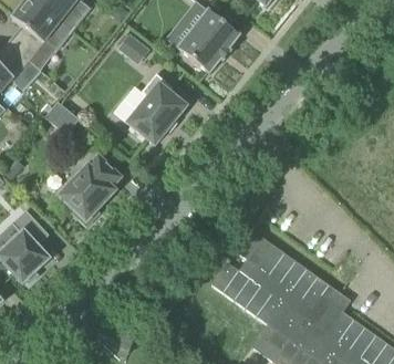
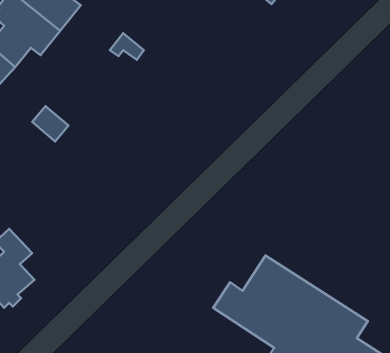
building: [177,10,238,72] -> none
building: [126,73,185,145] -> none
building: [59,156,118,226] -> none

